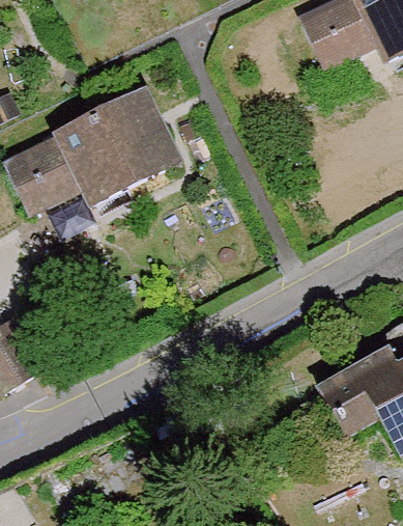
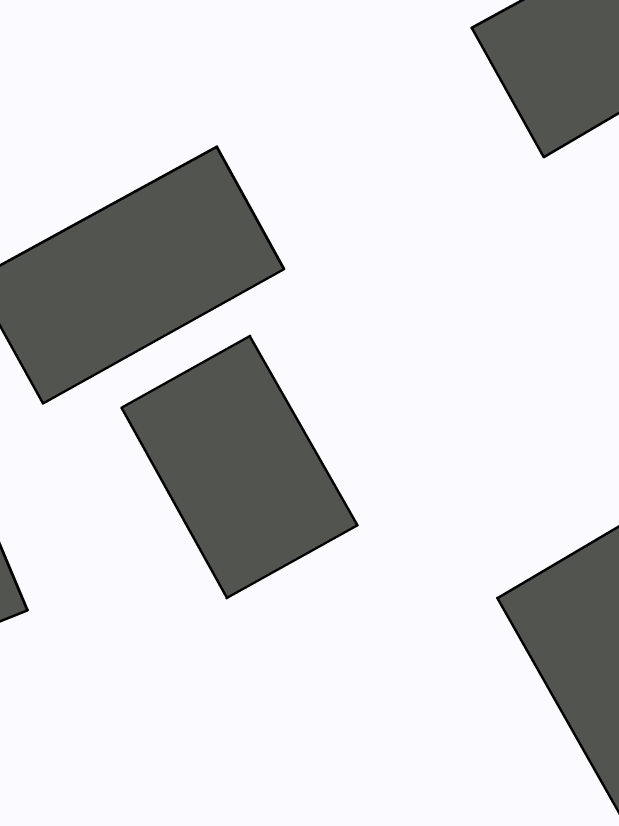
building: none -> [122,336,357,598]

